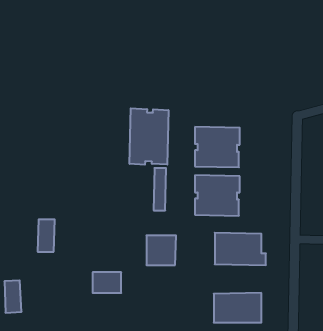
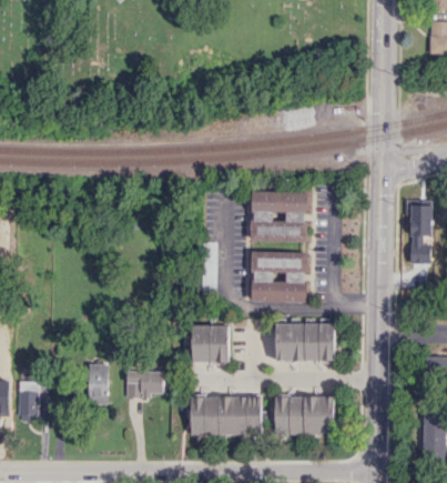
building: [130,108,168,165] -> none
building: [38,219,55,252] -> [87,364,108,404]
building: none -> [191,398,263,433]

